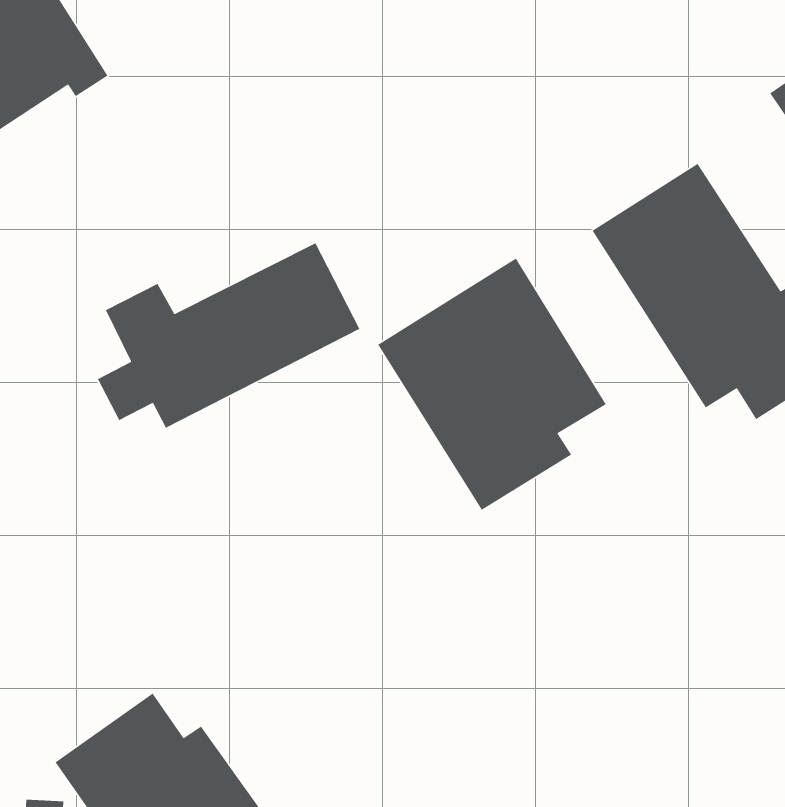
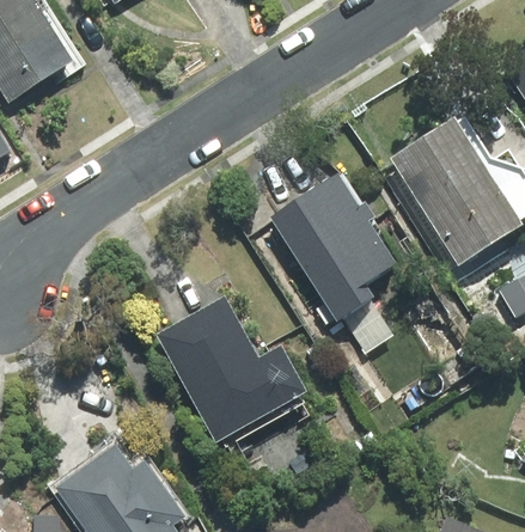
building: [97,242,361,429] -> none
building: none -> [158,300,309,444]

